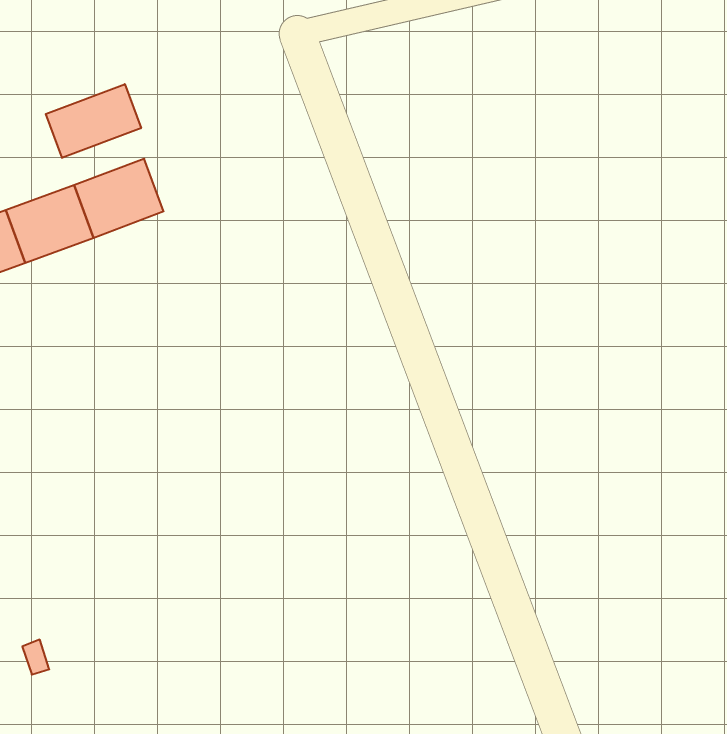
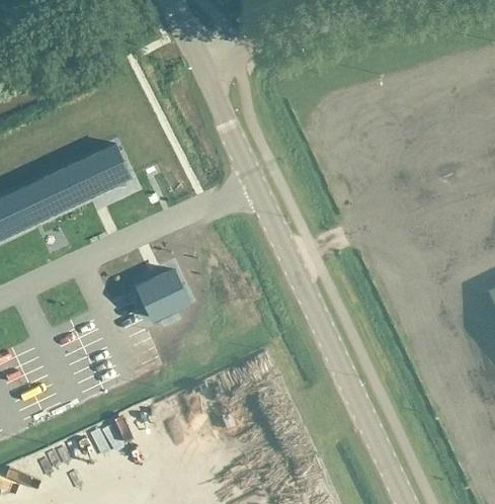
building: [46,84,141,158] -> none
building: none -> [137,273,189,321]

